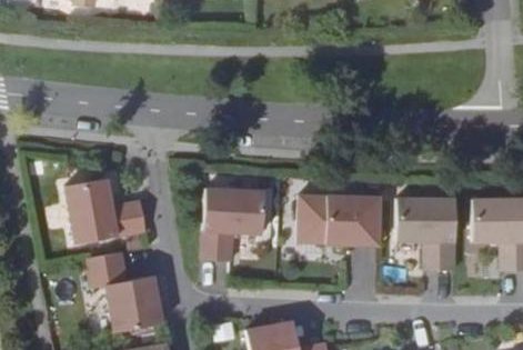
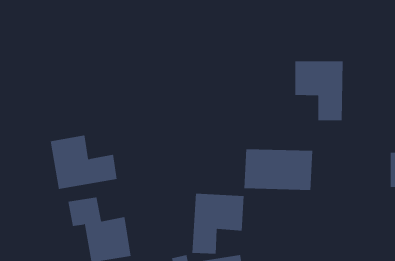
building: [202,189,265,262] -> [192,193,244,254]
building: [398,199,456,271] -> [294,61,343,121]

